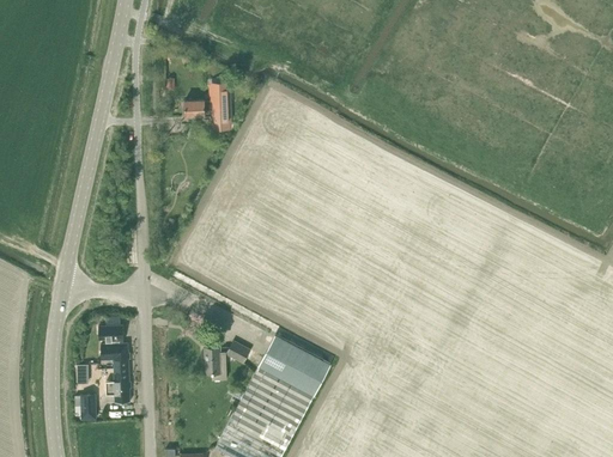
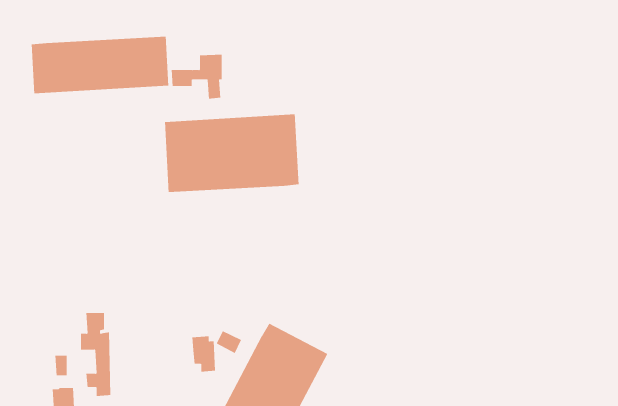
building: none -> [31,36,169,94]
building: none -> [164,113,299,193]

